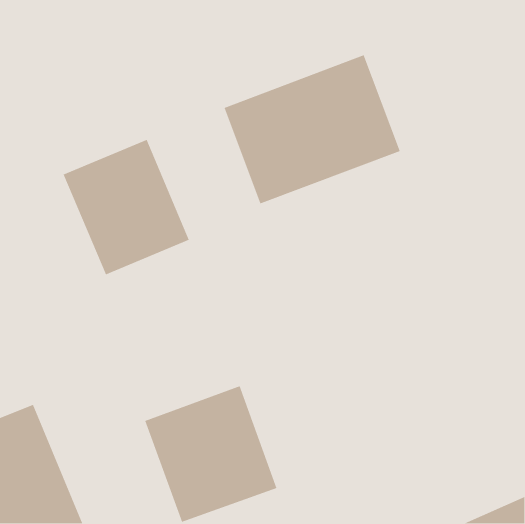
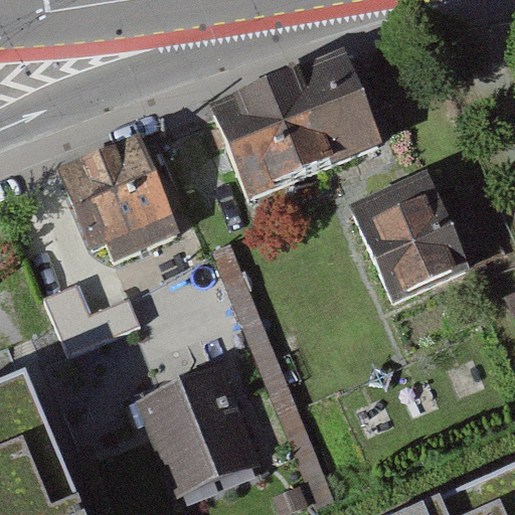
building: none -> [345,175,449,293]
building: none -> [35,278,134,352]

